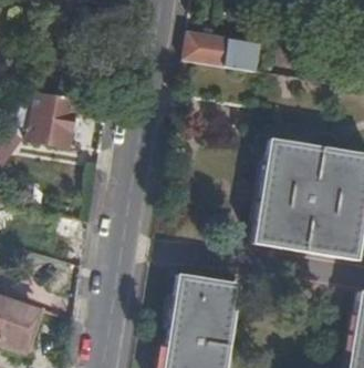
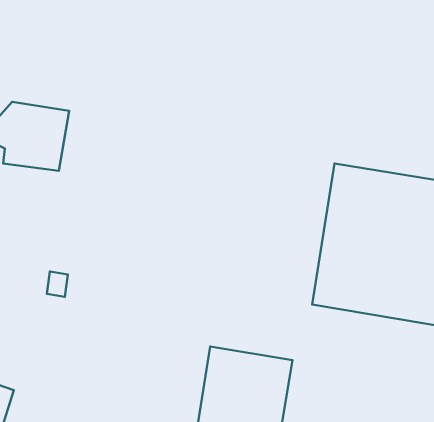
building: [184,32,260,71] -> none

